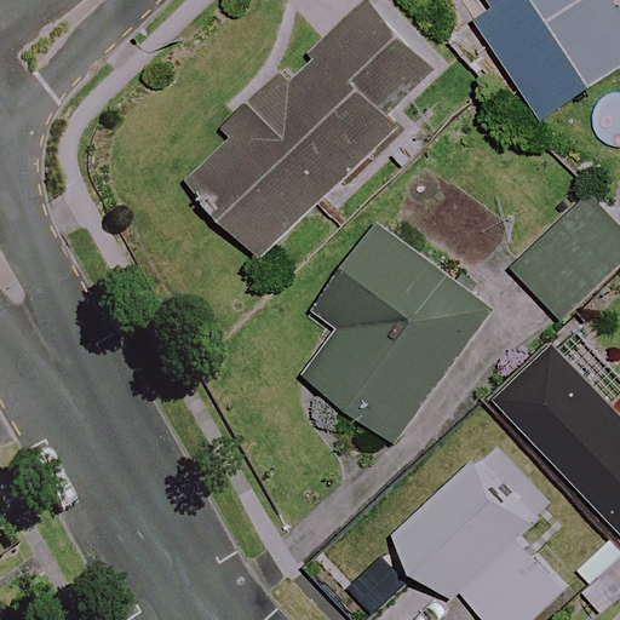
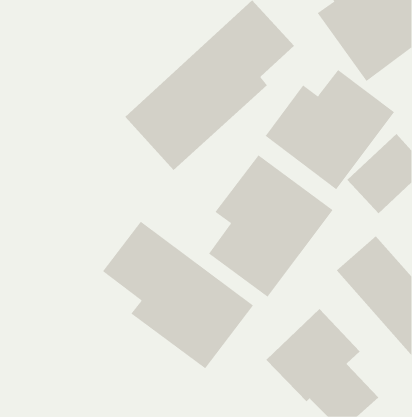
building: none -> [265,69,395,190]
building: none -> [102,221,254,369]

